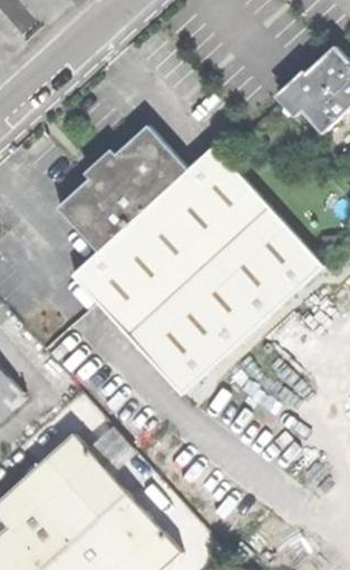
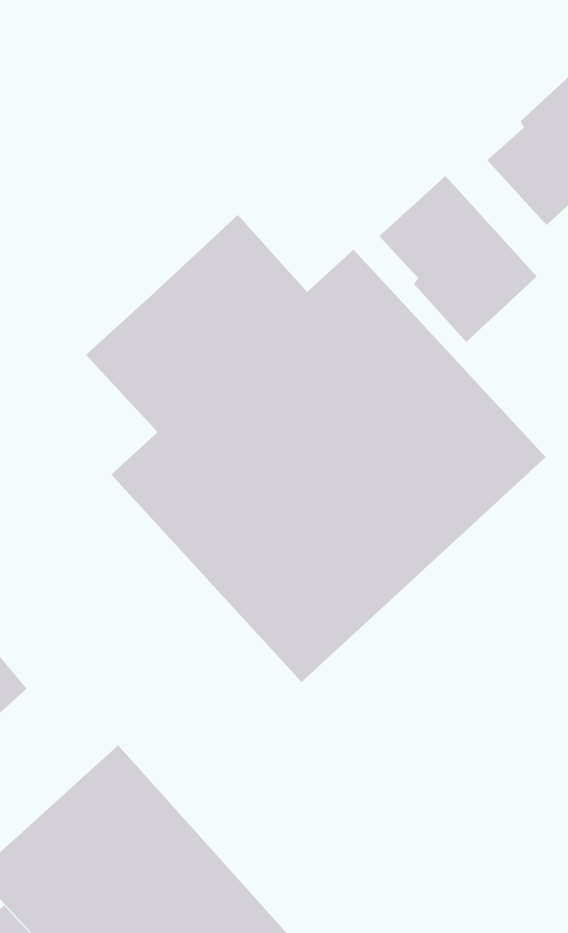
building: none -> [379,175,538,343]

